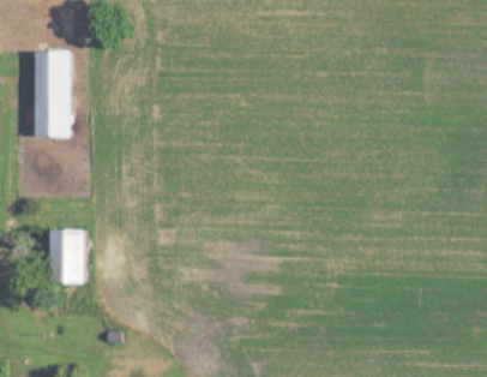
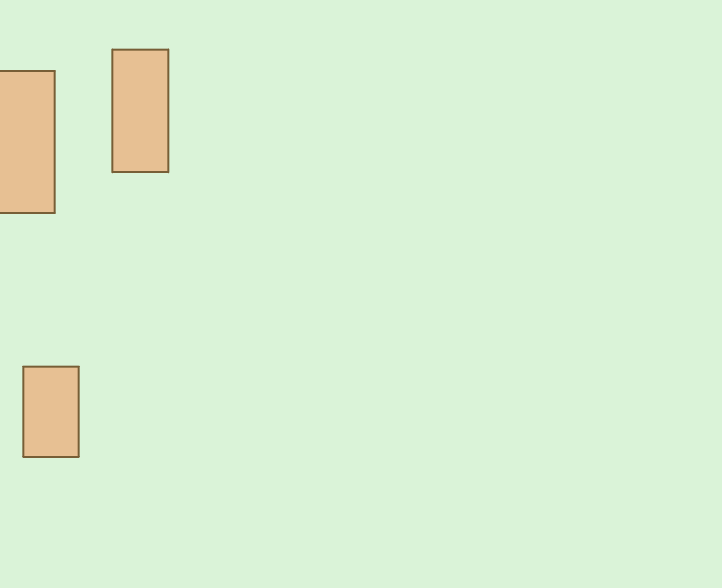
building: none -> [112,49,168,172]

